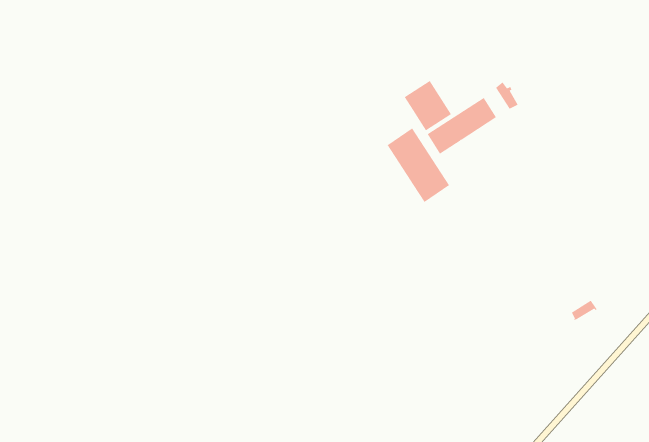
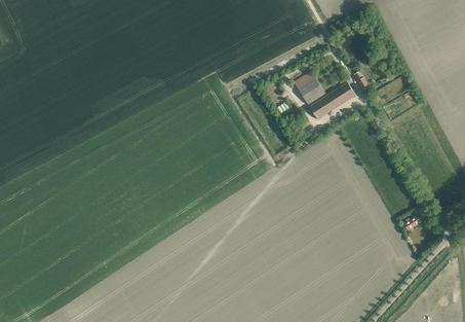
building: [387,128,450,203] -> none

